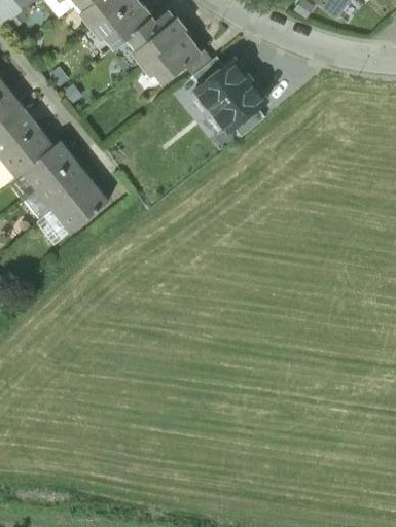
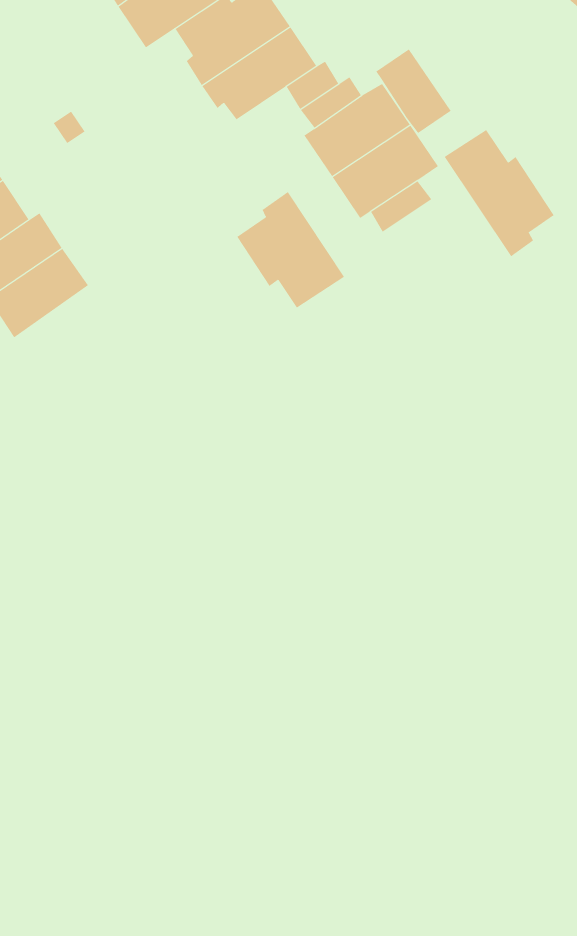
building: none -> [375,49,452,134]
building: none -> [444,129,555,257]
building: none -> [236,191,345,308]
building: [50,176,106,230] -> none

